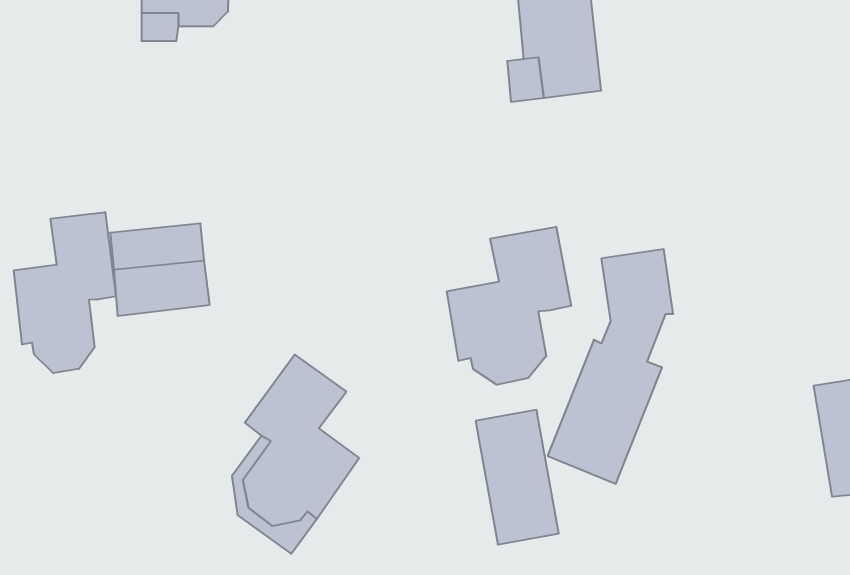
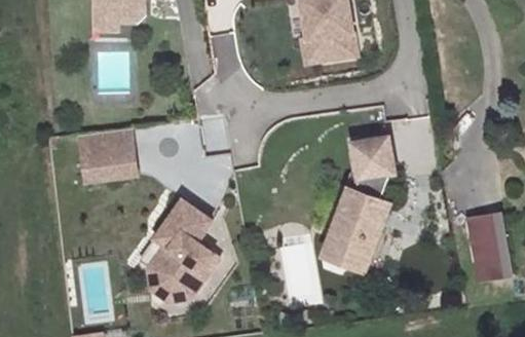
building: [14,212,116,373] -> none
building: [447,227,571,385] -> none

